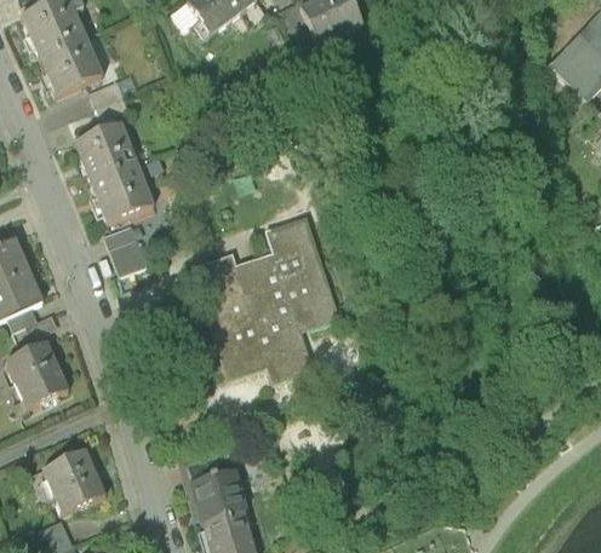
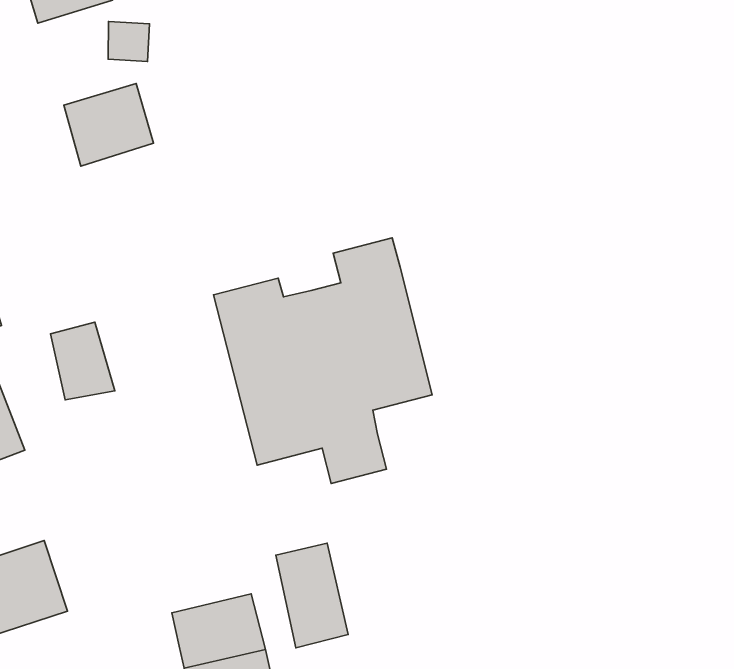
building: [90,168,154,227] -> none
building: [103,225,150,280] -> [50,322,115,400]
building: none -> [276,543,348,648]

